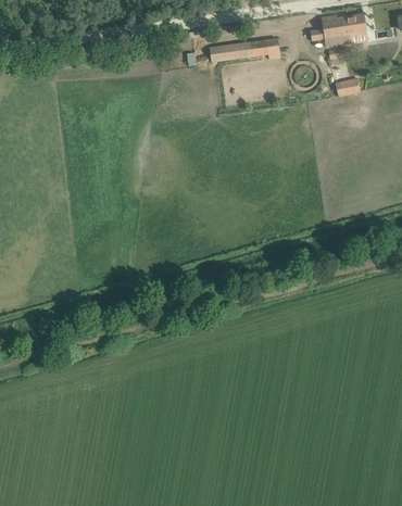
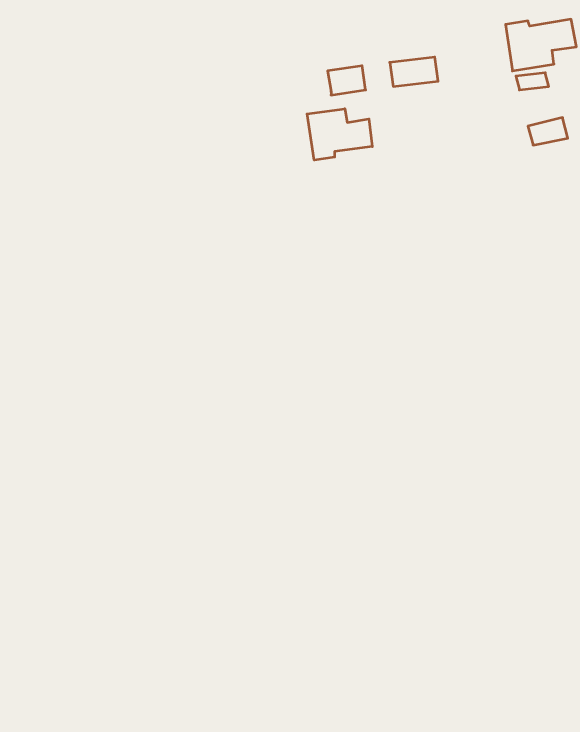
building: none -> [307,109,372,160]

